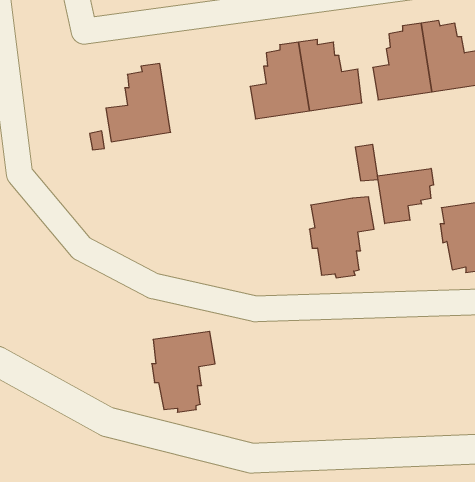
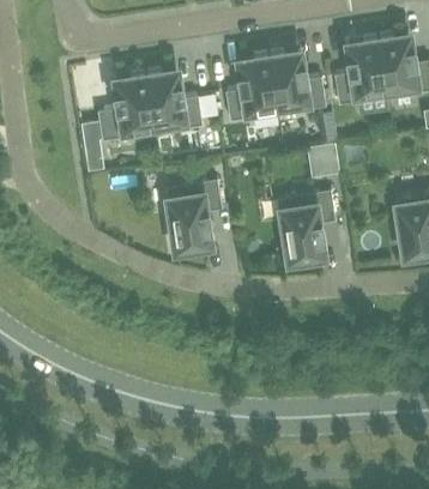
building: none -> [145,70,203,133]
building: [378,168,434,224] -> none
building: [152,331,215,412] -> [165,180,222,252]

